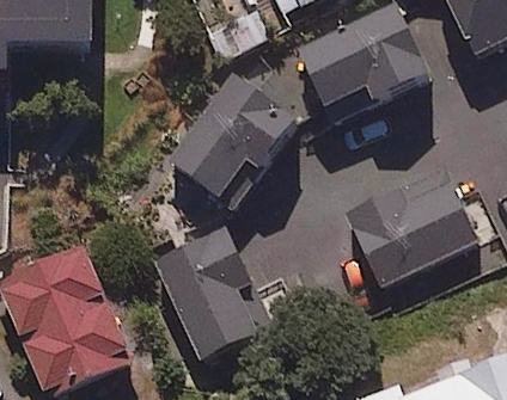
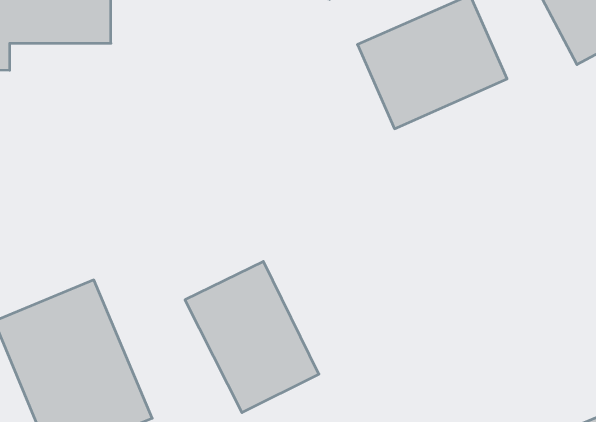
building: [166,80,293,214] -> none
building: [347,168,475,283] -> none

